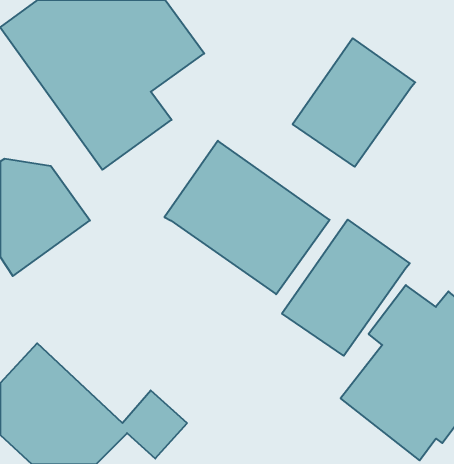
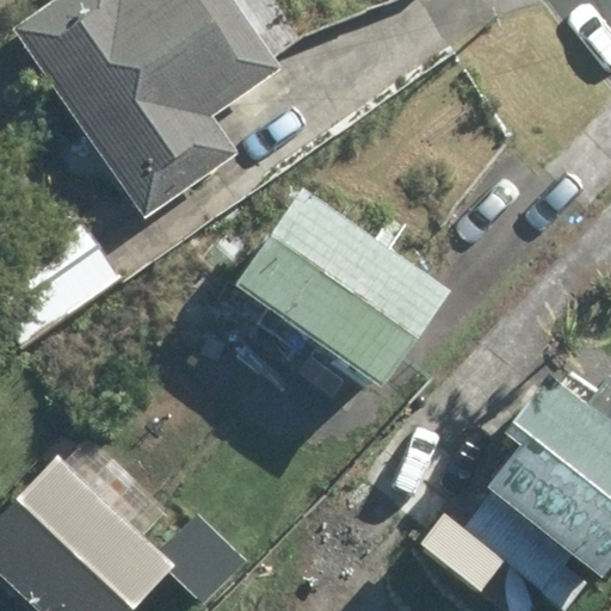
building: [293,38,415,167] -> none
building: [282,220,410,356] -> none

